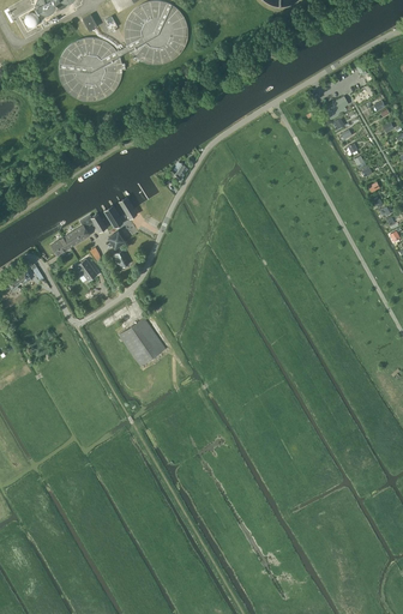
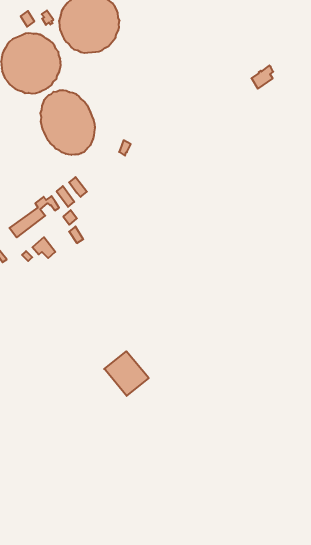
building: none -> [40,90,95,155]
building: [119,318,166,366] -> [104,351,149,396]

